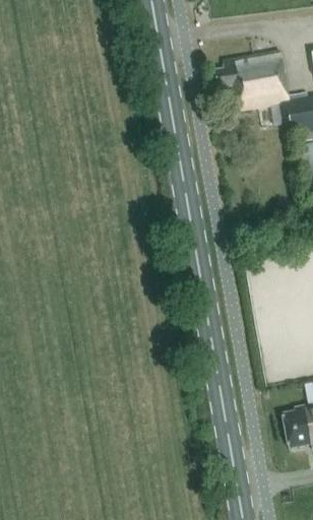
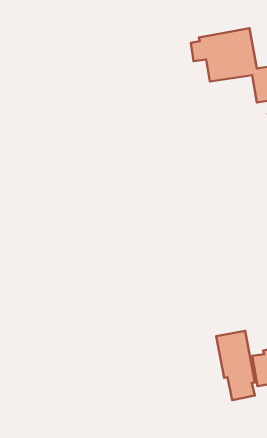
building: none -> [216,331,255,400]

